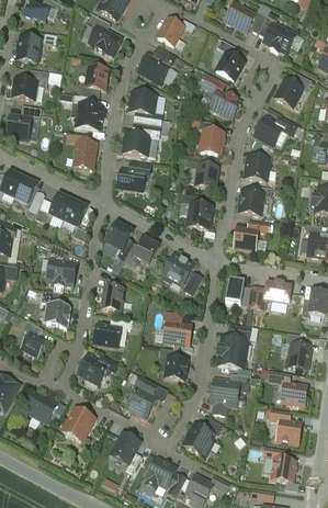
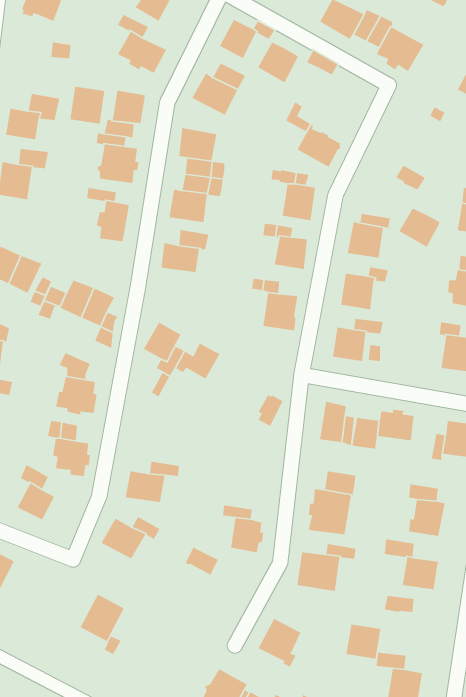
building: [16,36,41,63] -> [70,86,105,125]
building: [215,52,244,80] -> [257,41,299,84]
building: [274,78,302,106] -> none
building: [253,118,282,146] -> [398,207,440,248]
building: [162,255,193,285] -> none
building: [101,285,123,311] -> none
building: [163,321,191,345] -> none
building: [126,387,156,418] -> none
building: [26,395,57,422] -> none
building: [276,419,301,443] -> [345,624,381,659]
building: [110,432,140,466] -> none

